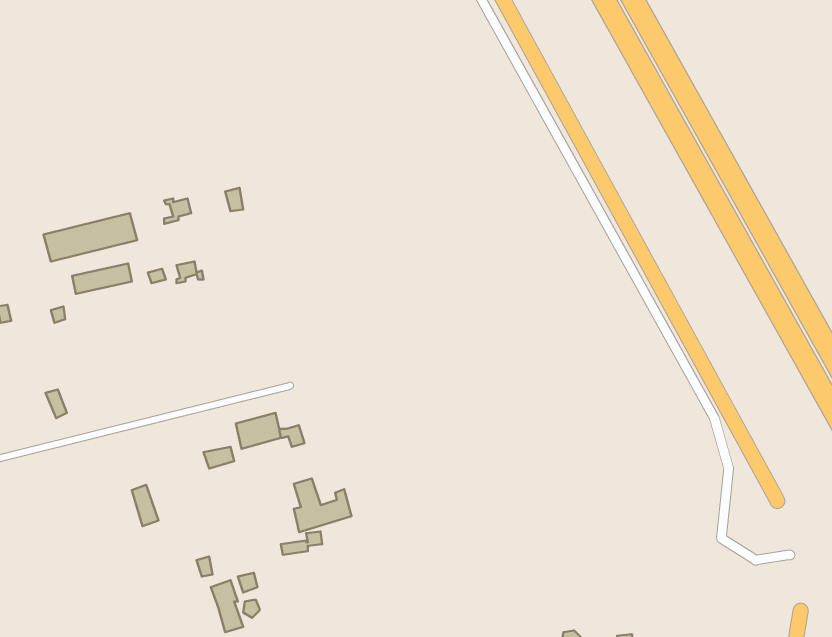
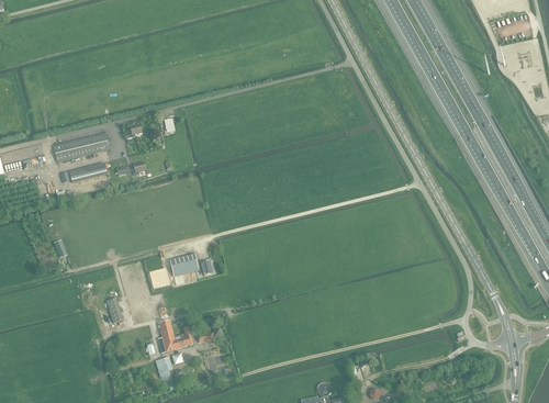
building: [294,478,351,532] -> [158,320,193,352]

